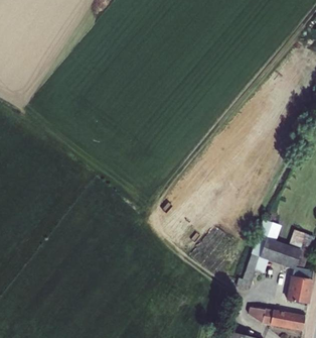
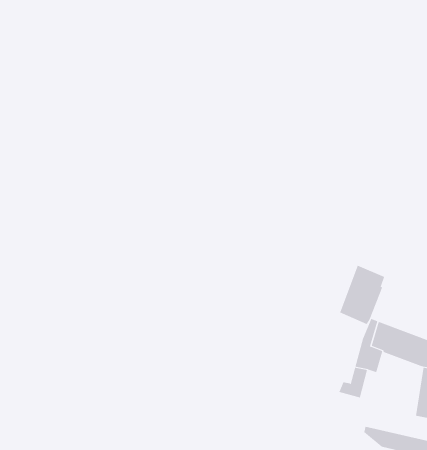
building: none -> [339,265,385,325]

